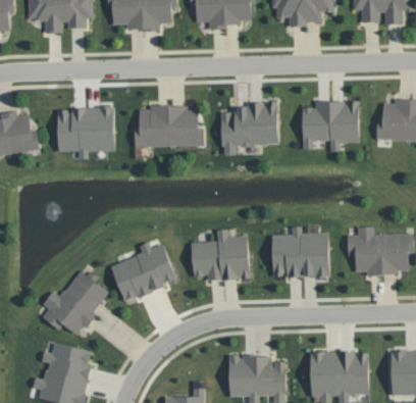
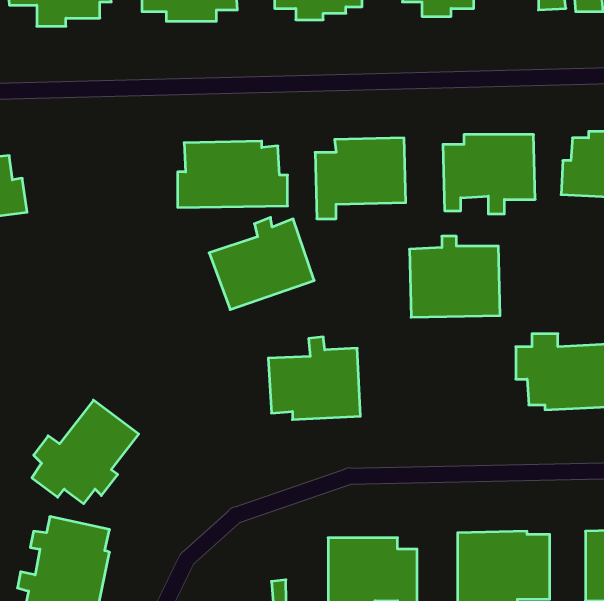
building: [57,107,114,158] -> none
building: [271,226,328,278] -> [409,236,500,317]
building: [110,242,176,300] -> [209,217,314,310]

